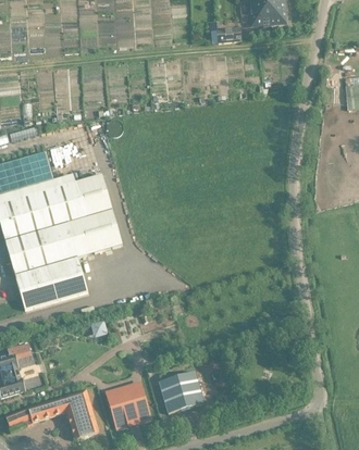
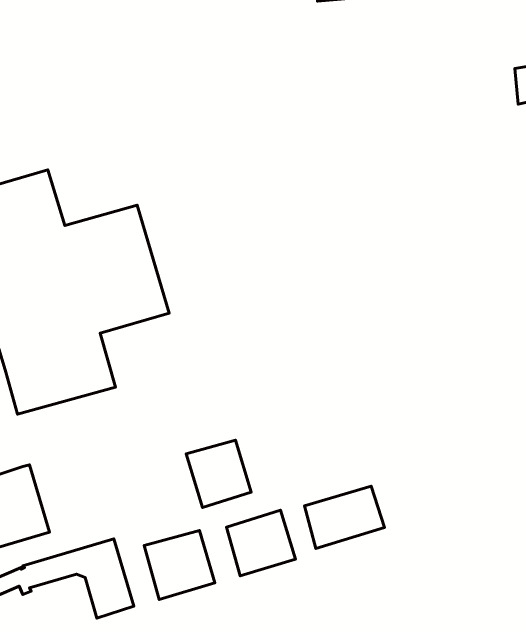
building: none -> [186,440,251,507]
building: none -> [305,486,384,548]

